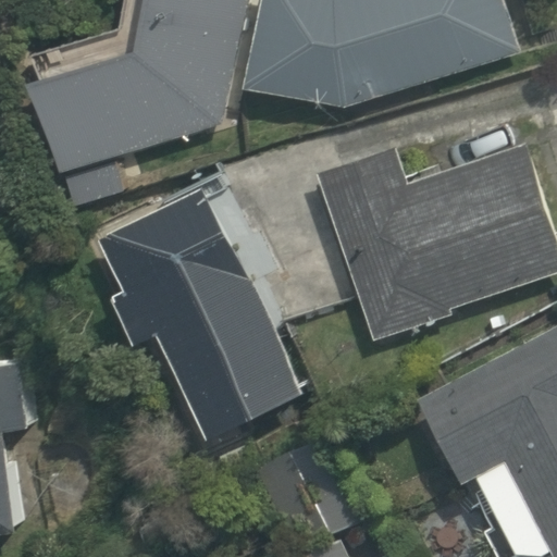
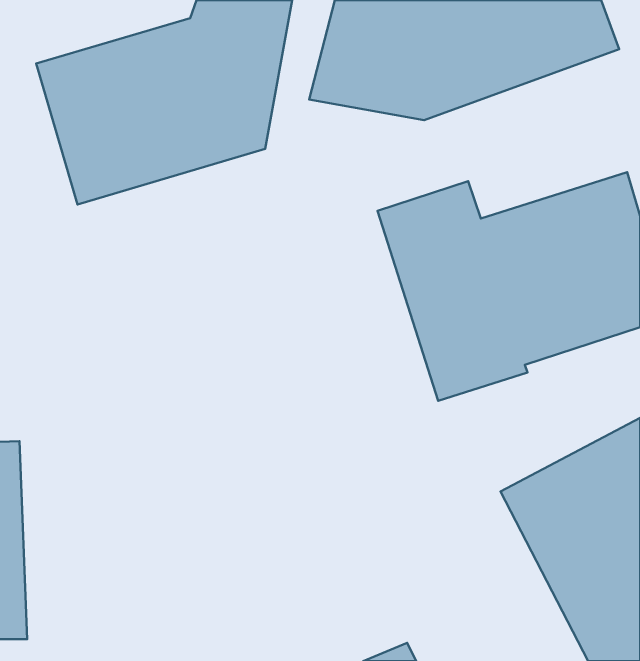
building: [109,195,308,441] -> none

